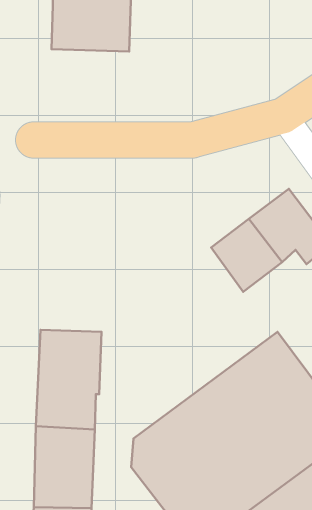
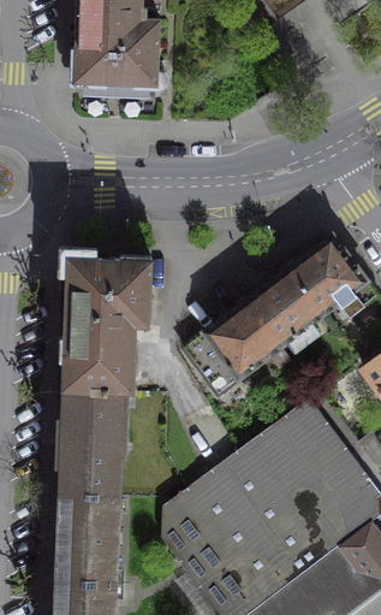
building: none -> [61,256,149,390]
building: none -> [183,298,281,394]

